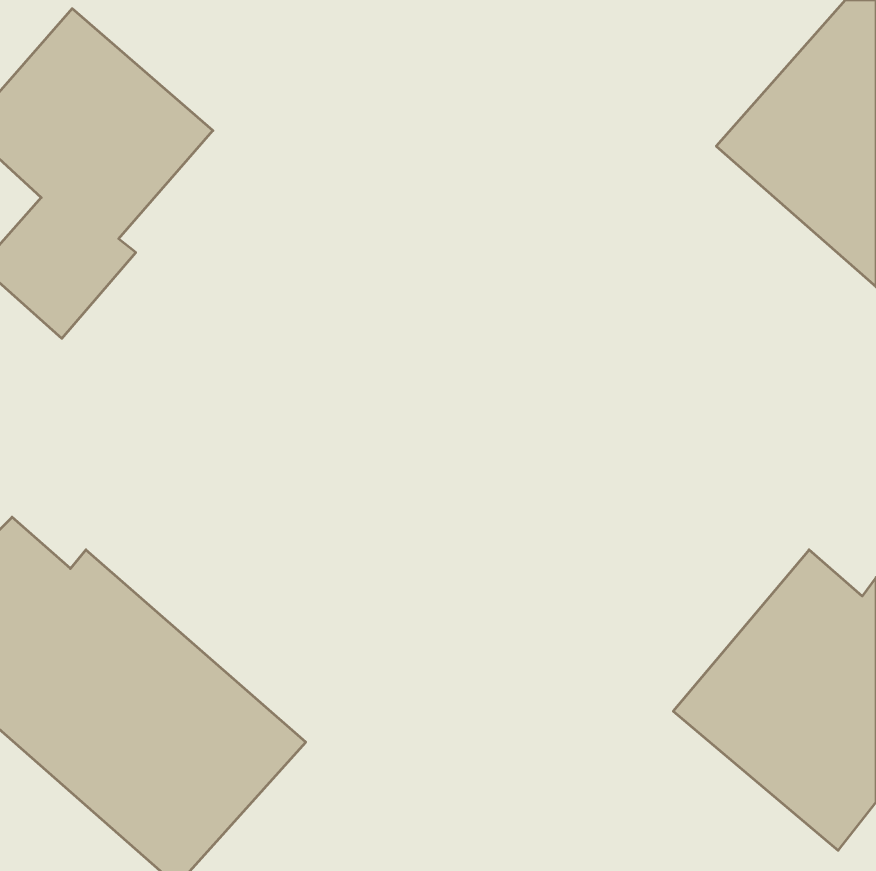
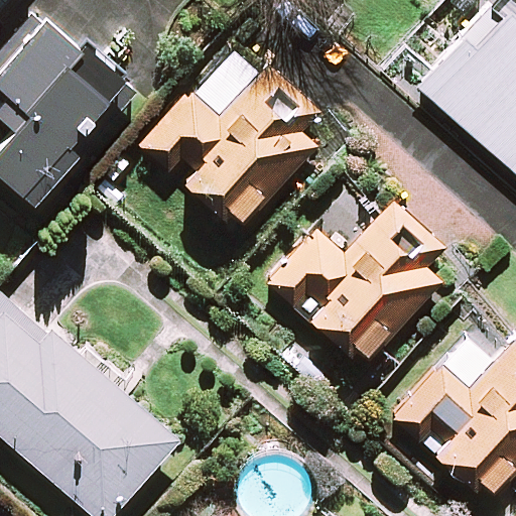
building: none -> [146,50,315,223]
building: none -> [271,205,439,368]

